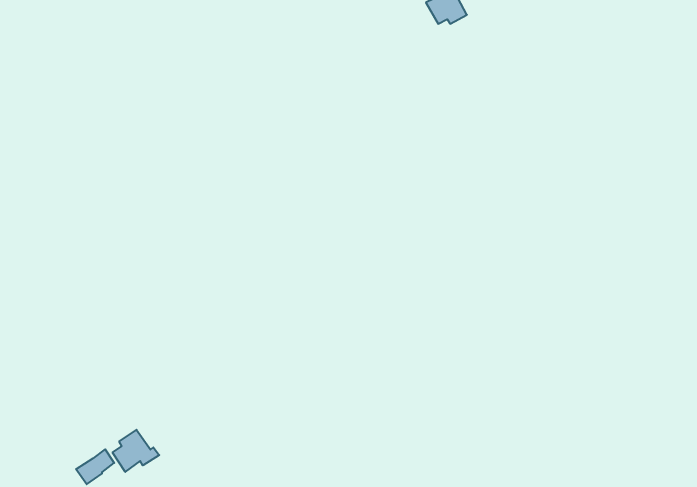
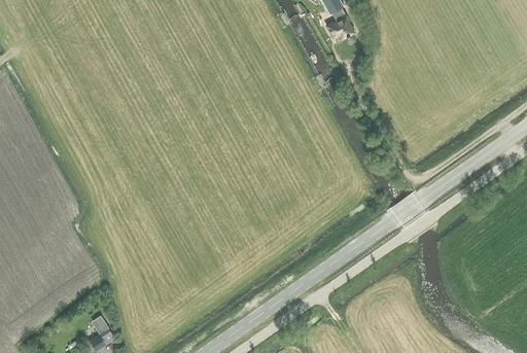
building: [113,430,159,472] -> none

